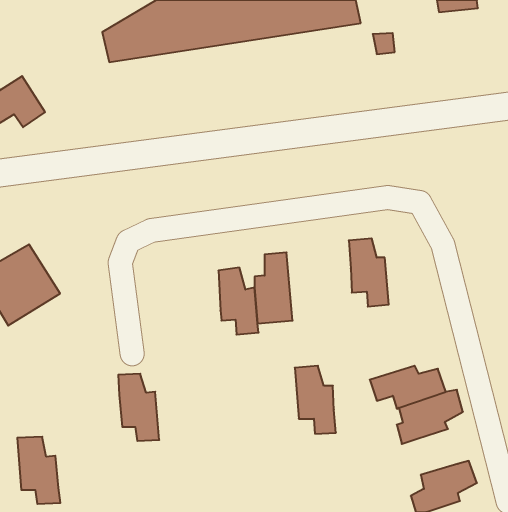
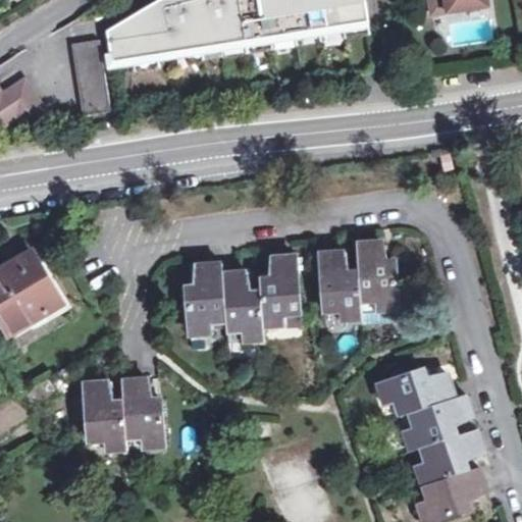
building: none -> [68,40,107,114]
building: none -> [185,264,224,336]
building: [295,366,336,434] -> [318,253,360,322]
building: none -> [415,431,481,485]
building: [17,437,60,504] -> [83,382,126,451]

